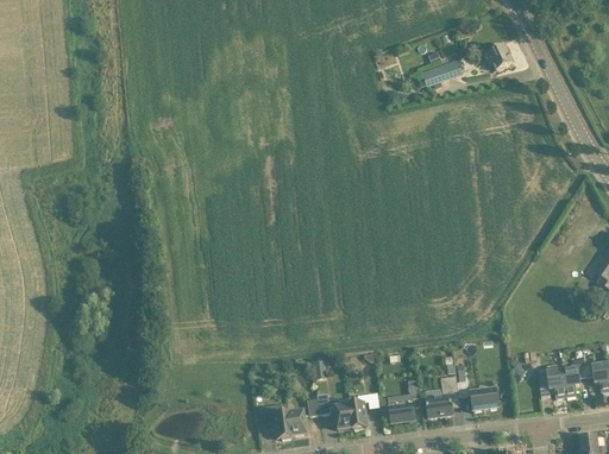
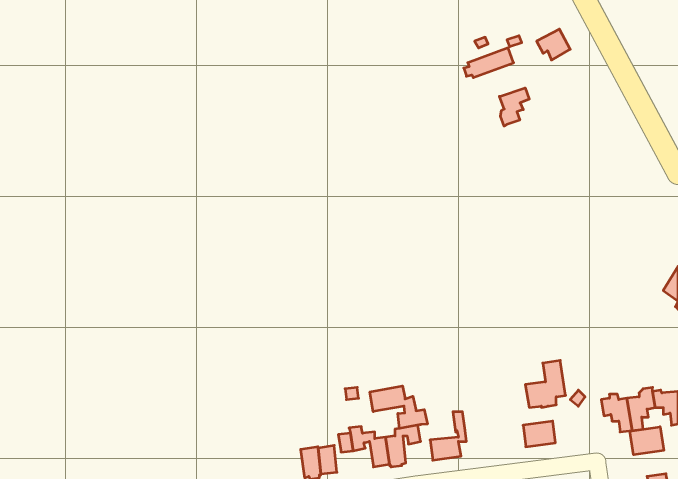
building: none -> [499,88,529,126]
building: none -> [370,386,427,428]
building: [425,376,460,417] -> [525,360,566,407]
building: none -> [630,427,664,455]

